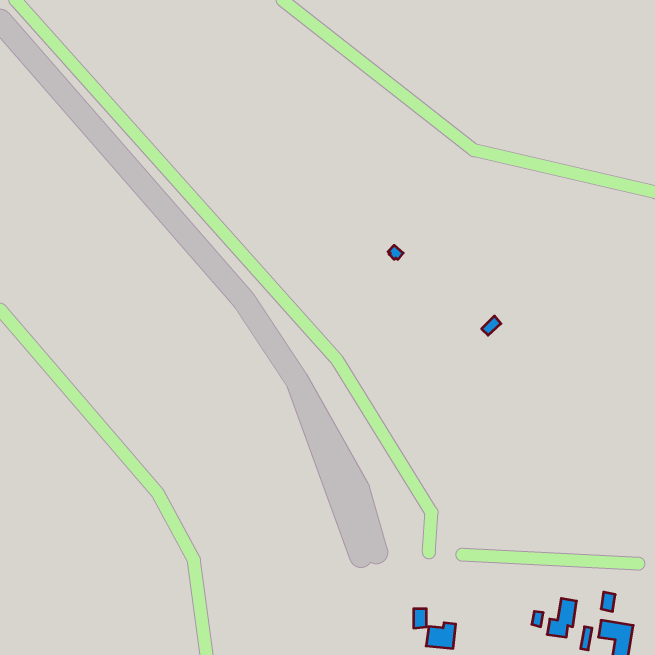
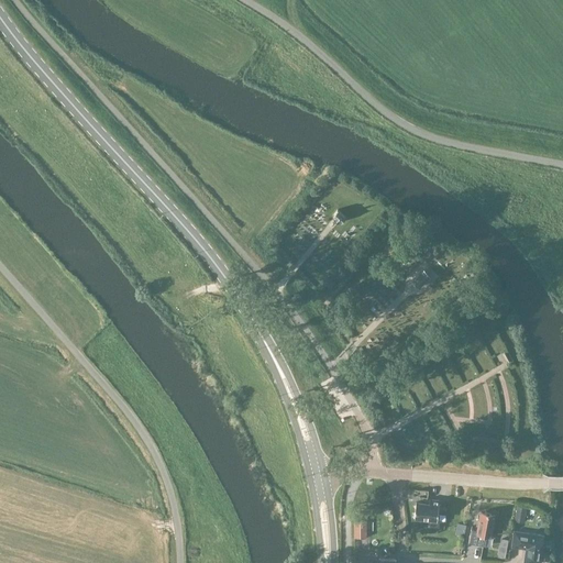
building: [426,623,456,648] -> [415,500,440,522]

